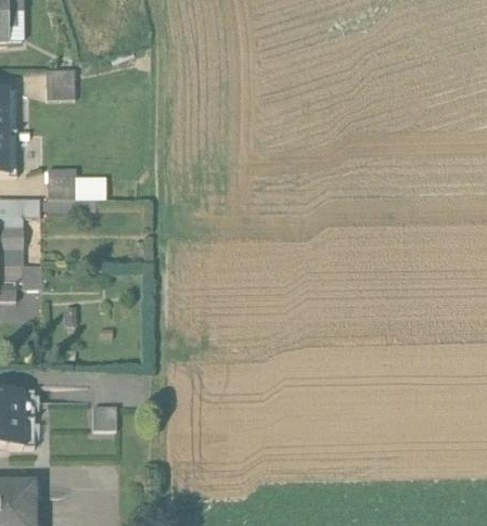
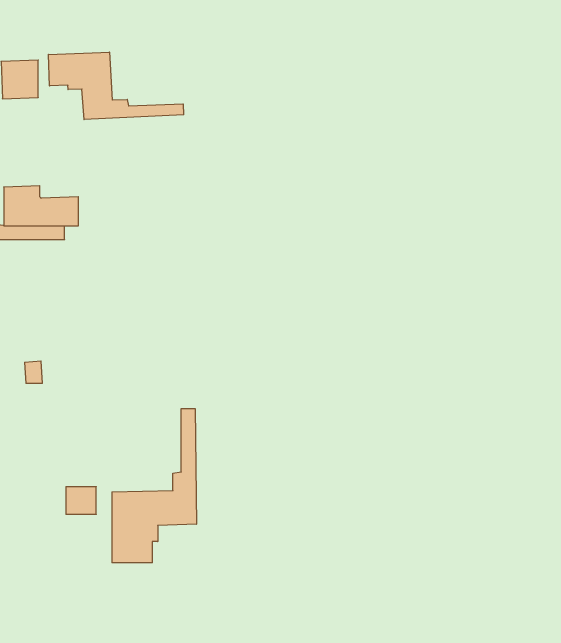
building: none -> [48,52,184,120]
building: none -> [112,409,196,563]

